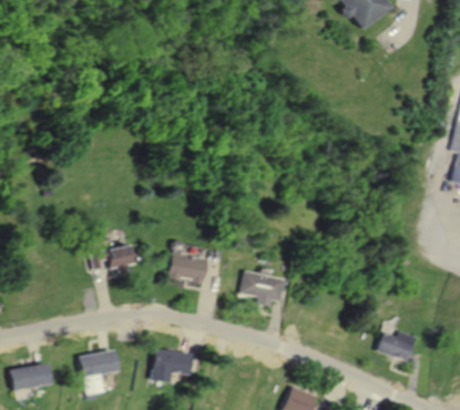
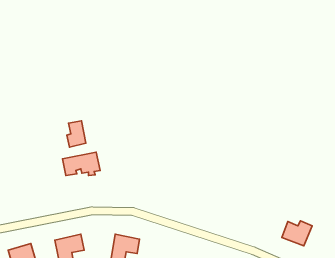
building: none -> [67,121,86,147]
building: [166,252,204,287] -> none
building: [241,268,287,303] -> none

